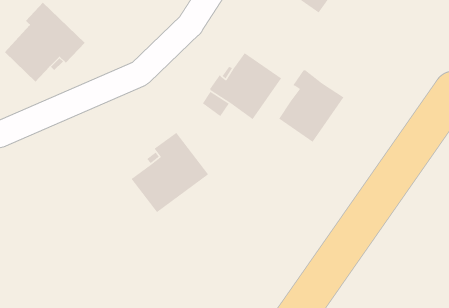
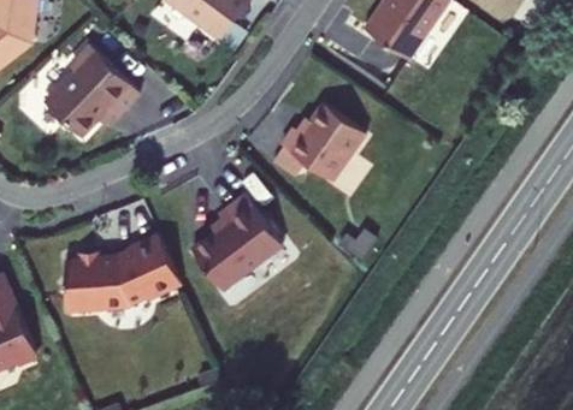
building: [278,69,344,143] -> none
building: none -> [63,231,179,308]

